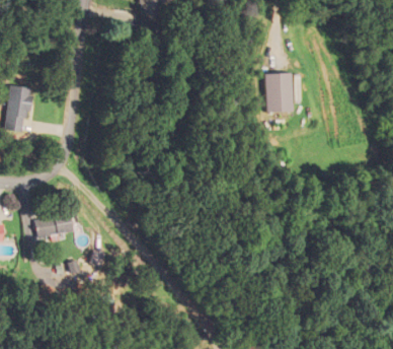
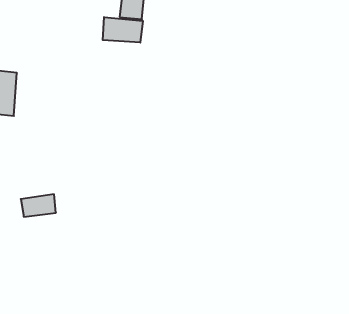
building: none -> [103,17,143,43]
building: [268,74,294,112] -> none

